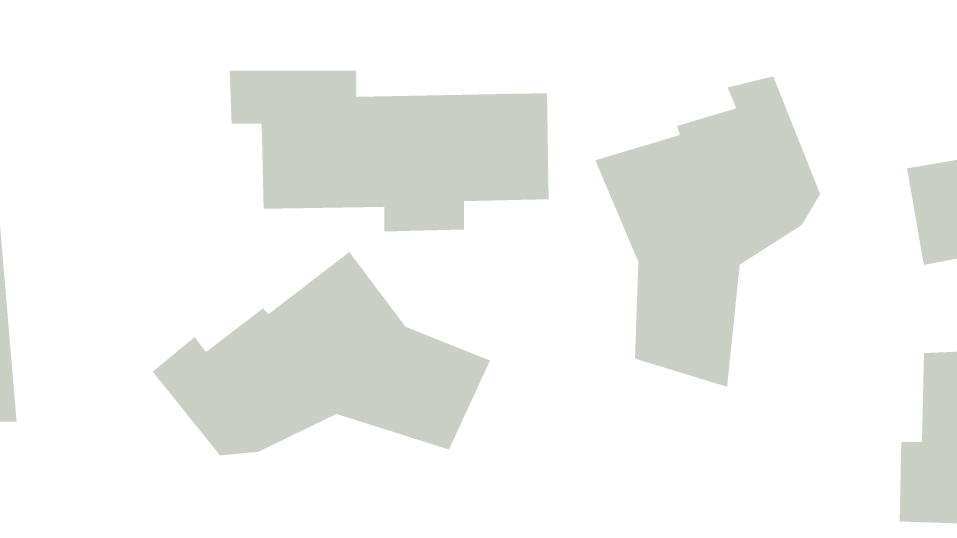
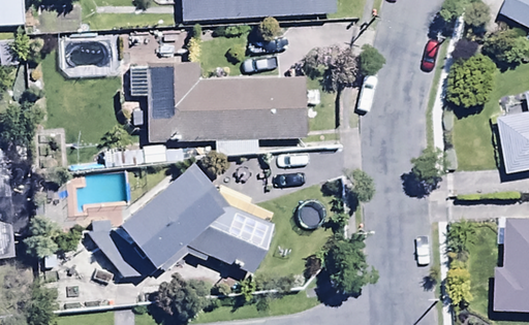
building: [594,75,821,388] -> none

